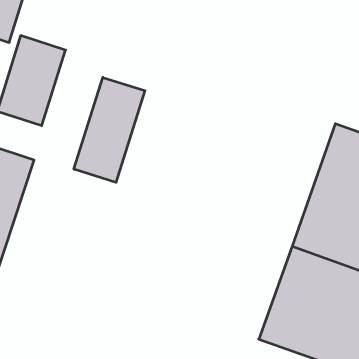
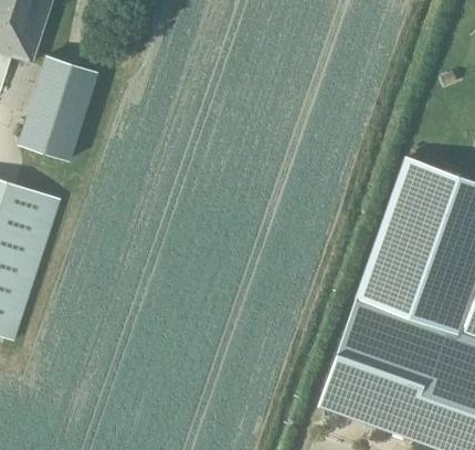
building: [74,77,145,182] -> none

